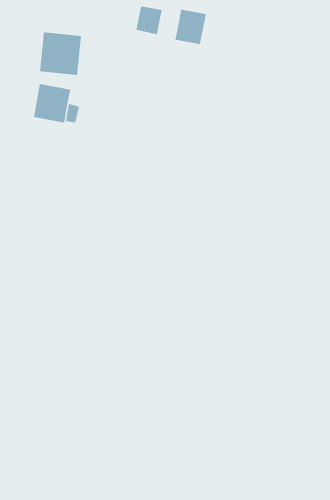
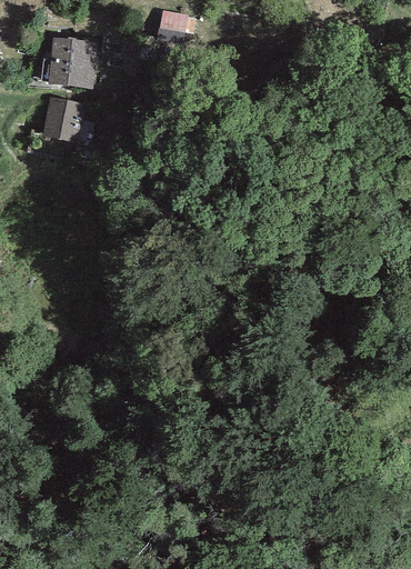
building: [174,9,207,45] -> none

